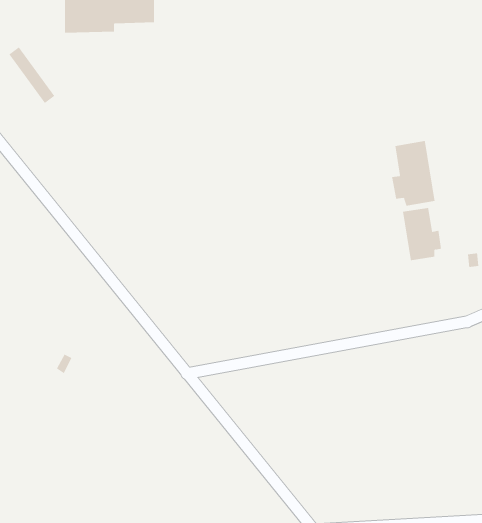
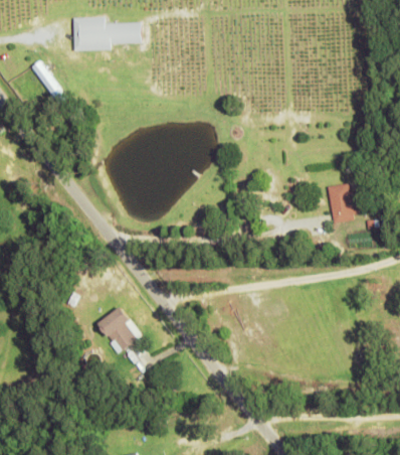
building: [392,140,435,206] -> none
building: none -> [98,305,140,363]

